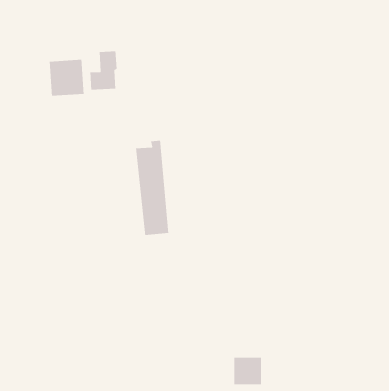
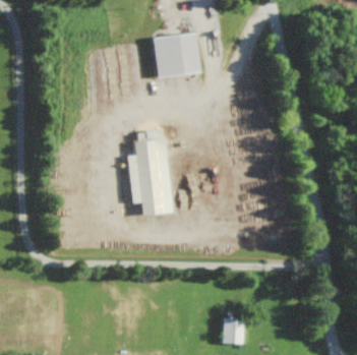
building: none -> [154,33,201,77]
building: [49,59,84,96] -> none

